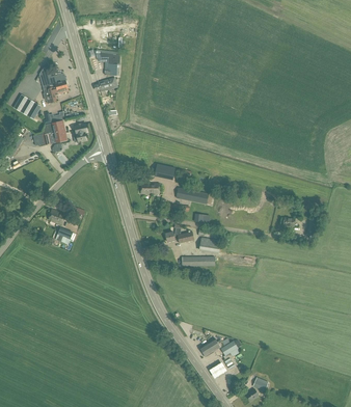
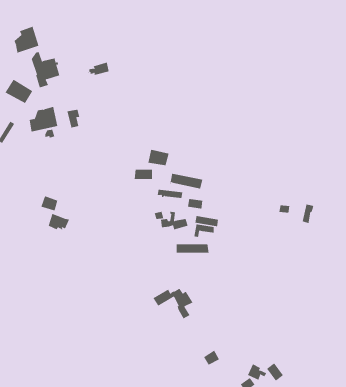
building: none -> [14,26,39,53]
building: [94,49,118,76] -> none
building: [199,338,240,370] -> [153,288,194,319]

